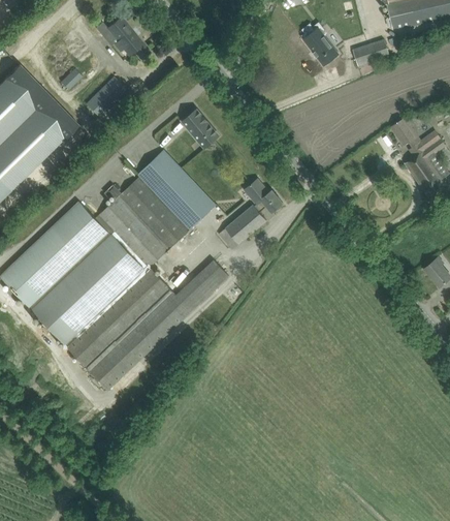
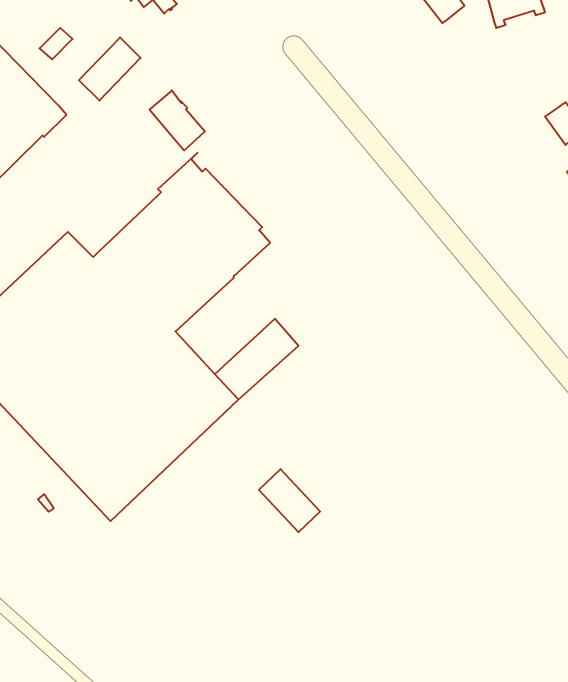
building: [183,109,219,148] -> [150,90,205,150]
building: [219,179,283,249] -> none
building: none -> [259,469,320,532]

